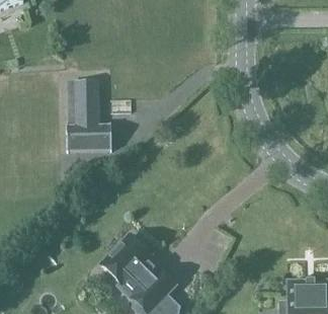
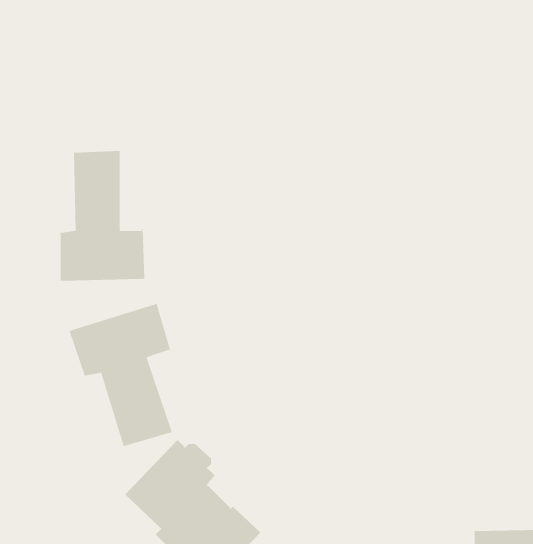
building: none -> [68,303,173,447]

